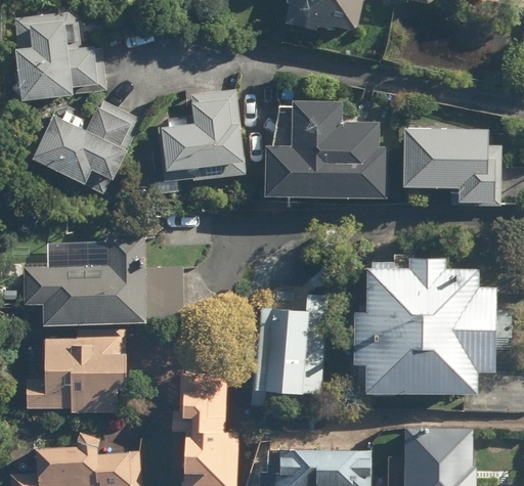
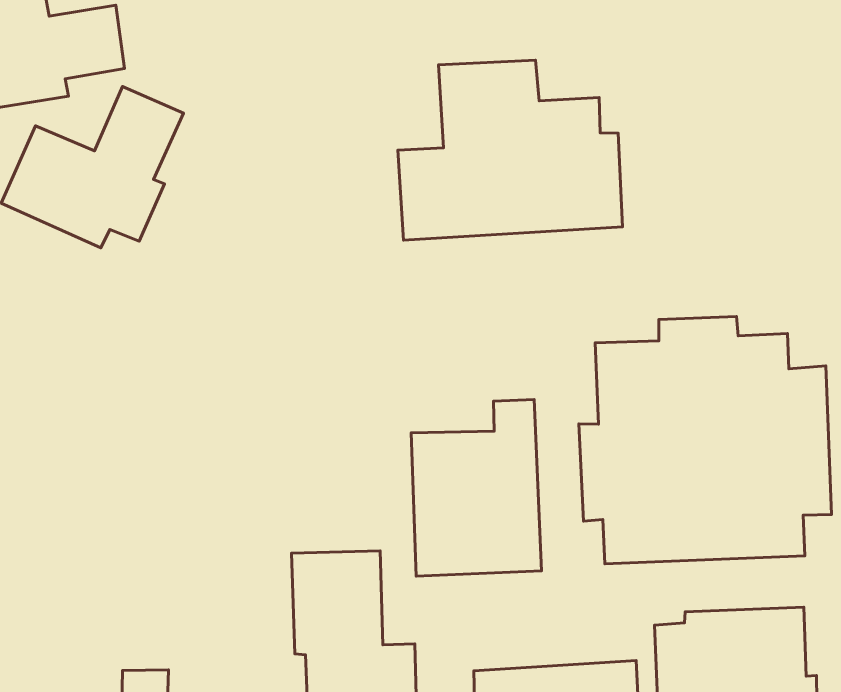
building: [159,89,241,184] -> none
building: [408,132,500,208] -> none
building: [23,235,186,324] -> none
building: [27,338,123,416] -> none

